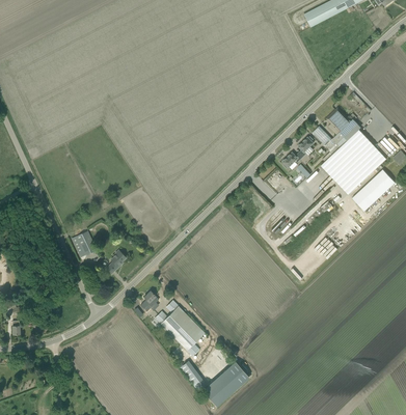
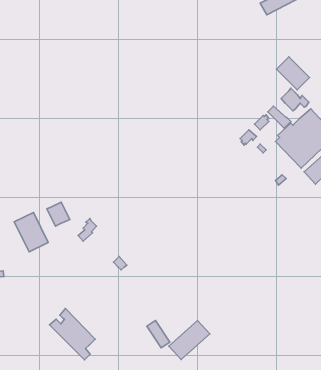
building: none -> [276,57,310,90]
building: none -> [14,213,48,252]
building: [155,300,205,356] -> [49,309,95,360]

